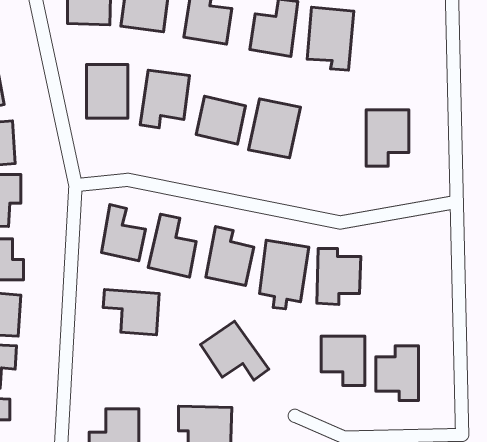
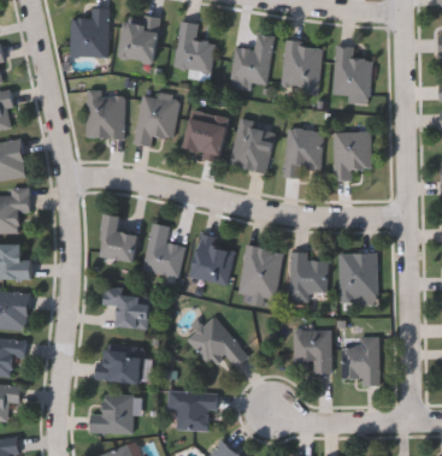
building: none -> [332,45,371,97]
building: none -> [283,129,322,178]
building: none -> [338,254,377,303]
building: none -> [96,343,143,384]

